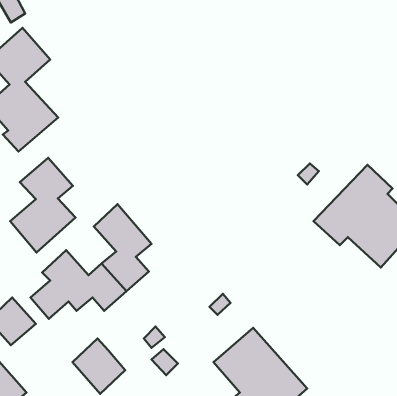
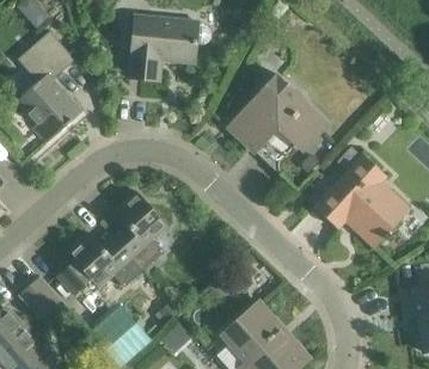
building: none -> [128,17,210,81]
building: none -> [226,74,327,153]
building: [10,158,75,253] -> none

